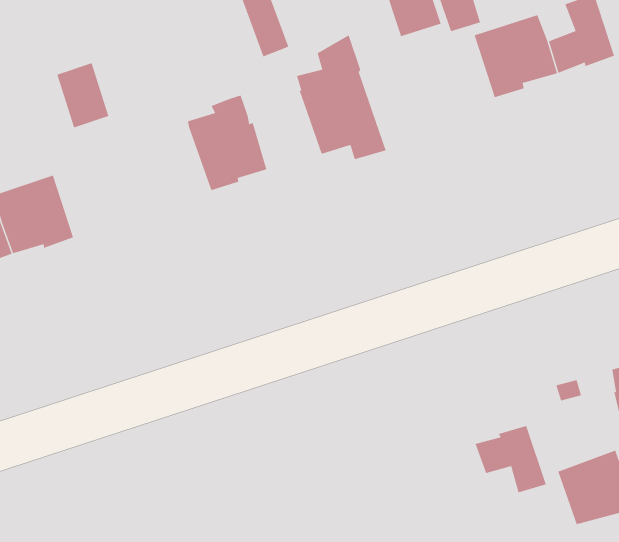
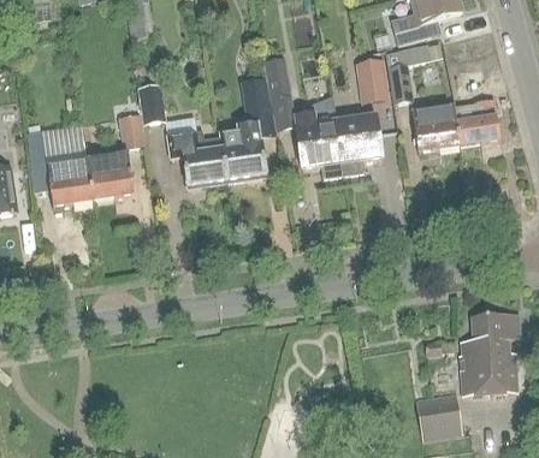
building: none -> [242,78,276,137]
building: none -> [334,115,381,174]
building: none -> [118,113,144,148]
building: none -> [167,130,226,185]
building: [475,425,546,493] -> none

